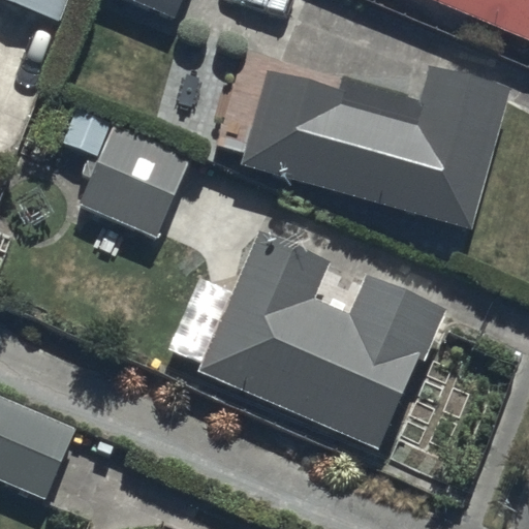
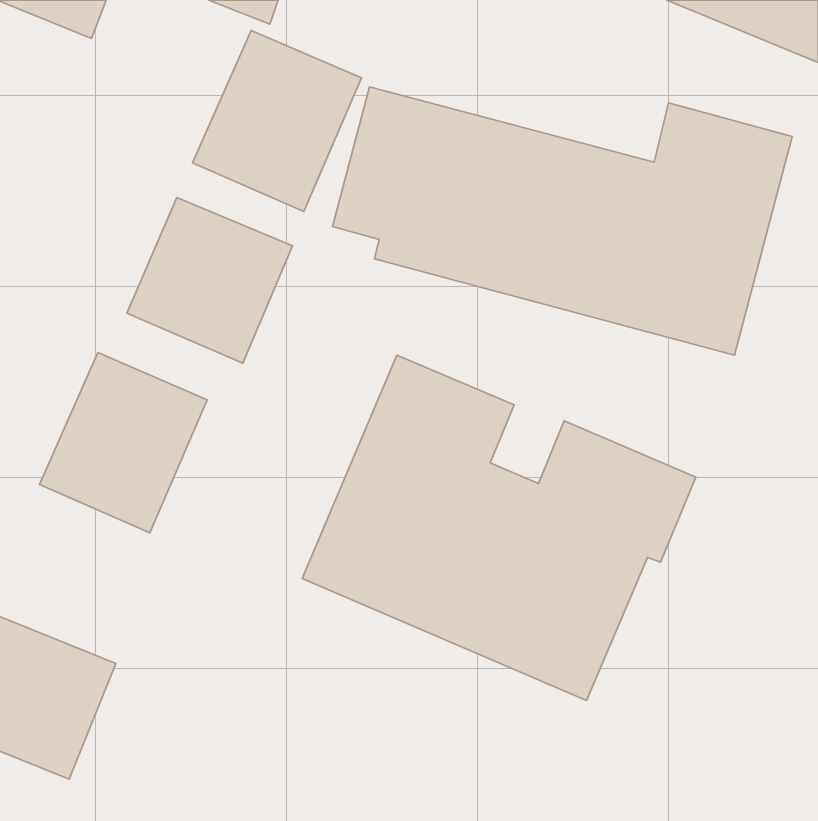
building: none -> [192,30,361,212]
building: none -> [40,353,207,533]

